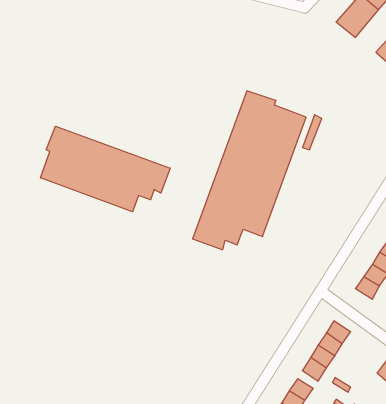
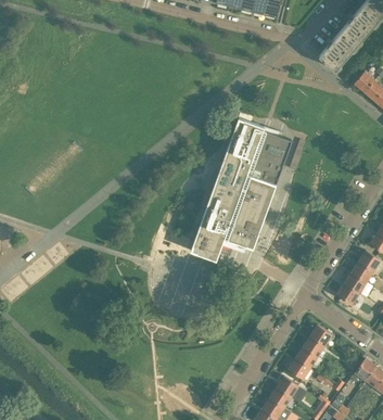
building: [41,126,170,212] -> none

